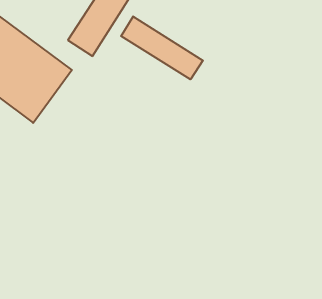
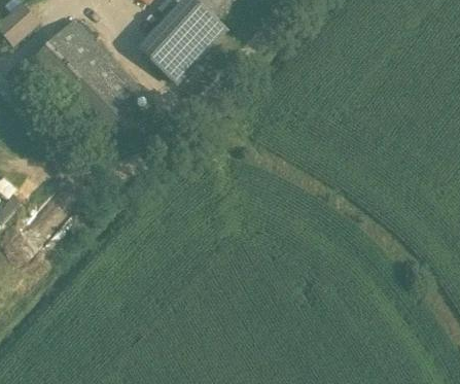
building: [121,16,203,79] -> none

